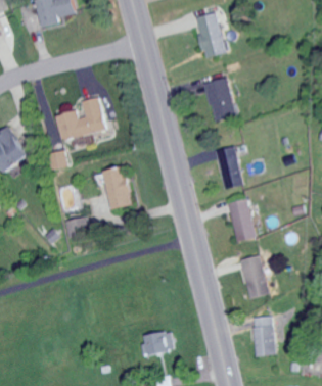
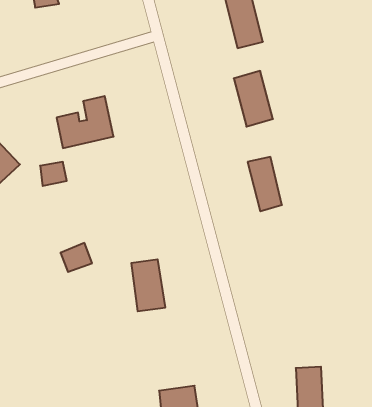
building: [104,166,132,208] -> [131,259,165,311]
building: [227,198,255,241] -> none
building: [239,255,269,298] -> none

